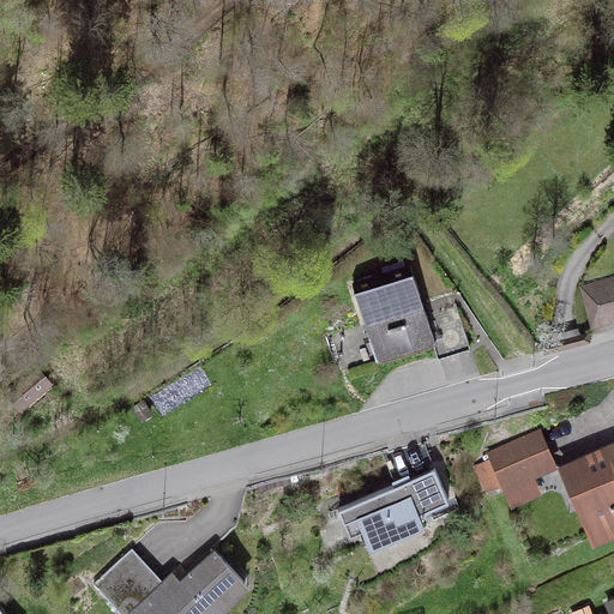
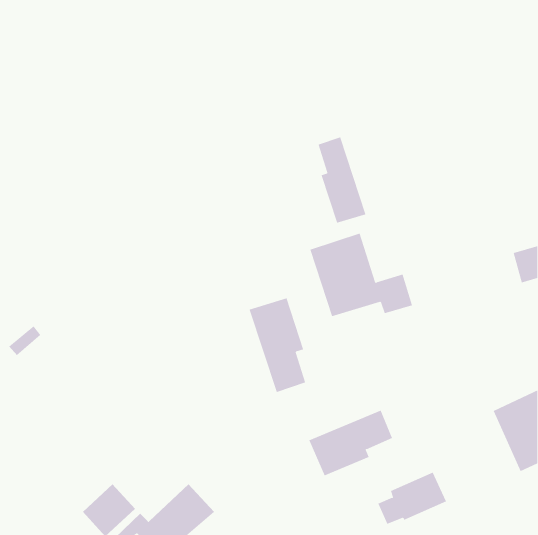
building: none -> [318,136,366,224]
building: none -> [249,298,306,393]
building: [475,433,554,493] -> [377,472,447,525]

